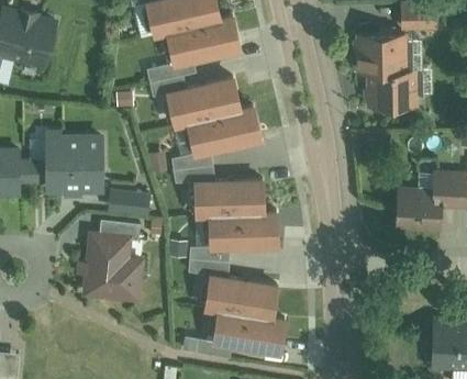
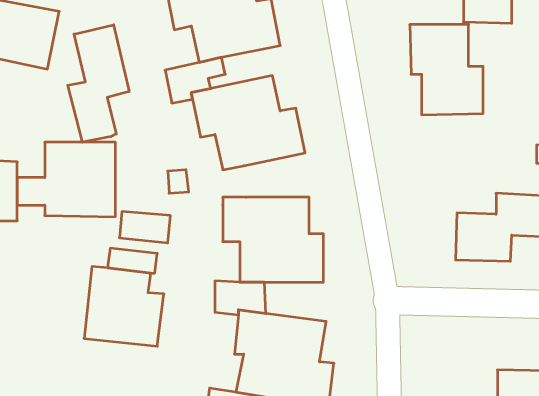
building: none -> [68,25,129,142]
building: [174,152,215,186] -> none

